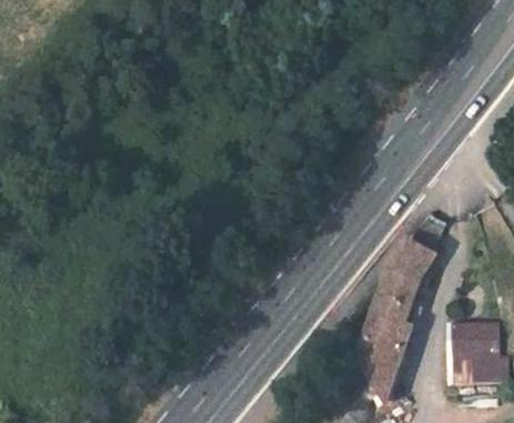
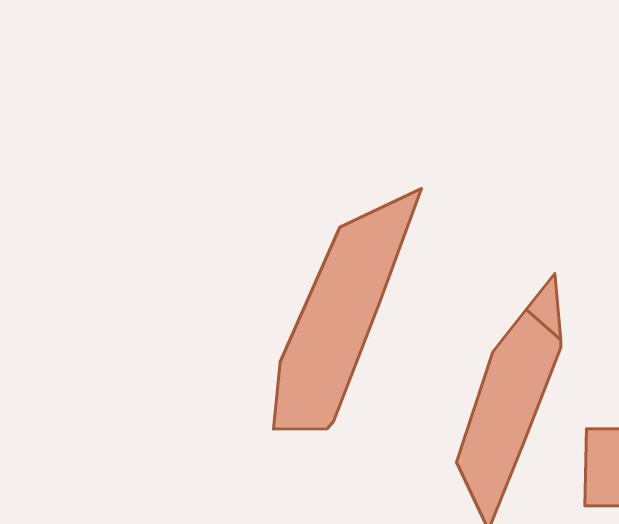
building: none -> [274,188,422,429]

